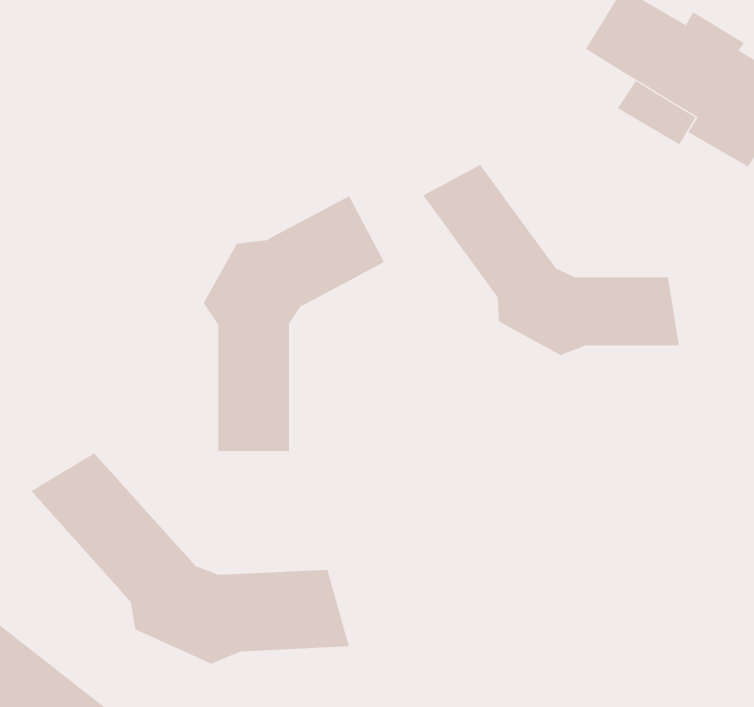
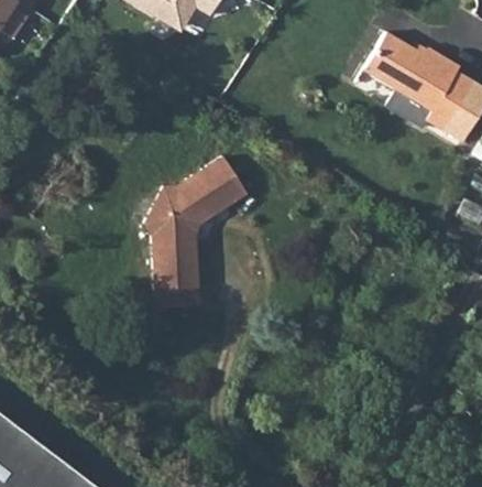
building: [422,164,679,356] -> none
building: [30,452,350,665] -> none

